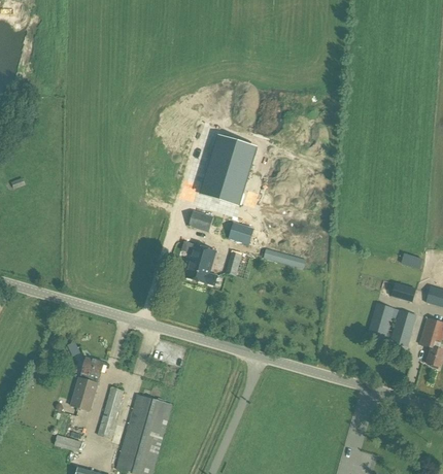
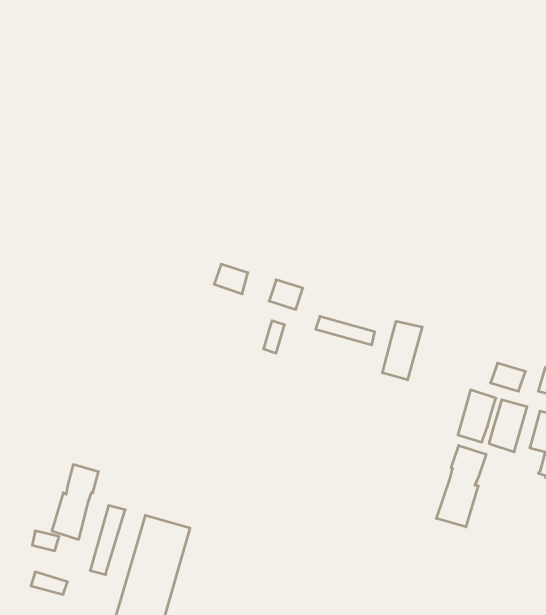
building: [201,134,255,203] -> none
building: [184,243,217,284] -> none
building: none -> [382,321,422,380]
building: none -> [436,445,486,527]

